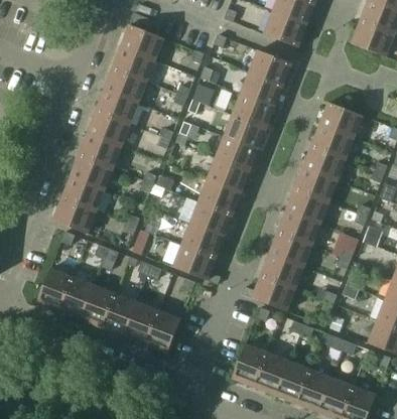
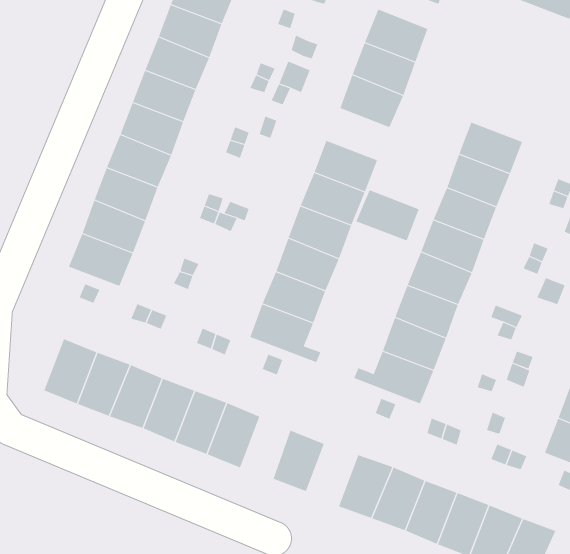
building: [319,102,363,137] -> none
building: [224,115,266,149] -> [355,189,419,241]
building: none -> [273,430,325,492]

